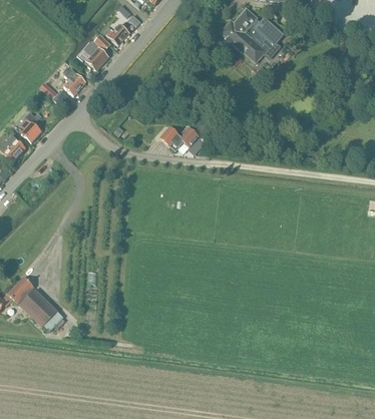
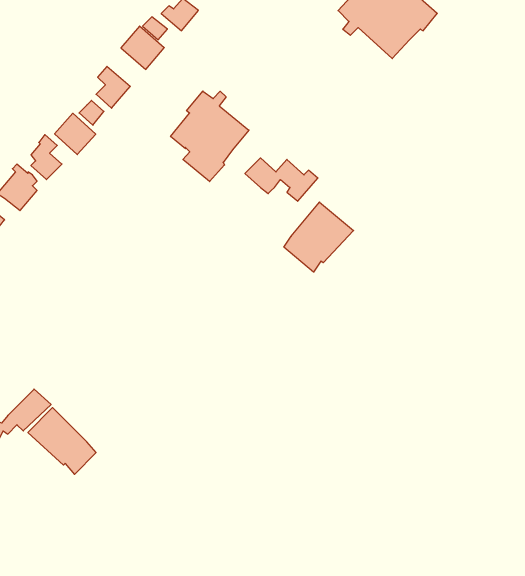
building: none -> [171,91,249,182]
building: none -> [55,113,96,155]
building: none -> [284,202,354,272]

